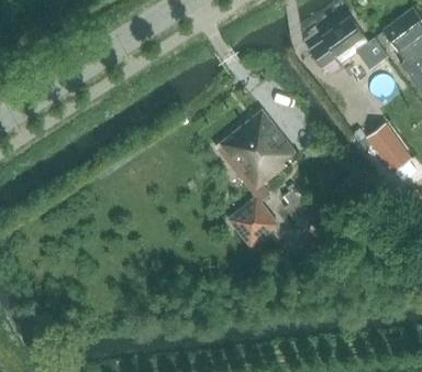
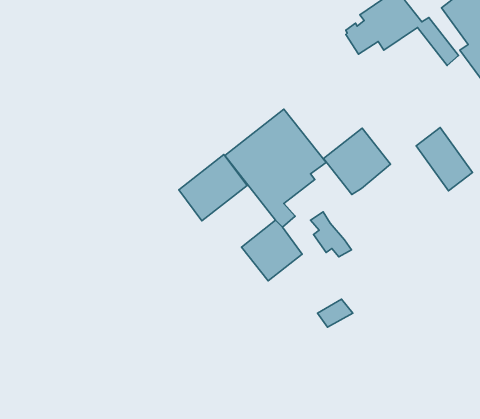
building: none -> [324,128,390,194]
building: none -> [179,155,247,221]

